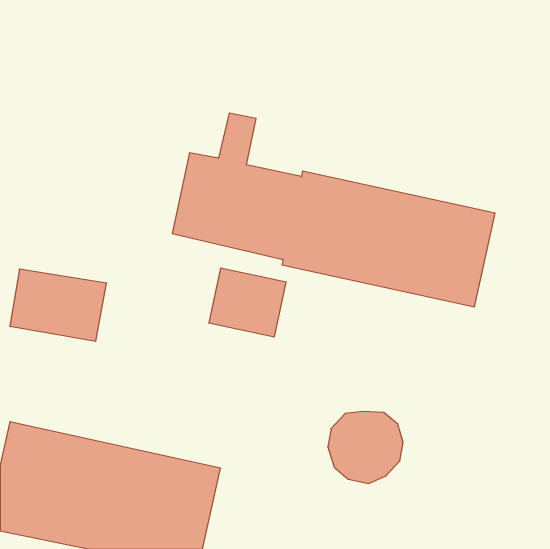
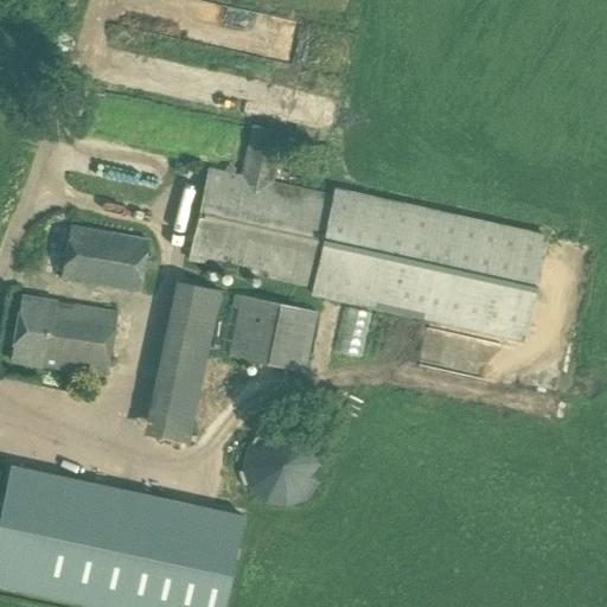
building: none -> [60,226,149,290]
building: none -> [152,282,219,443]
building: [328,411,403,483] -> [241,427,324,506]

